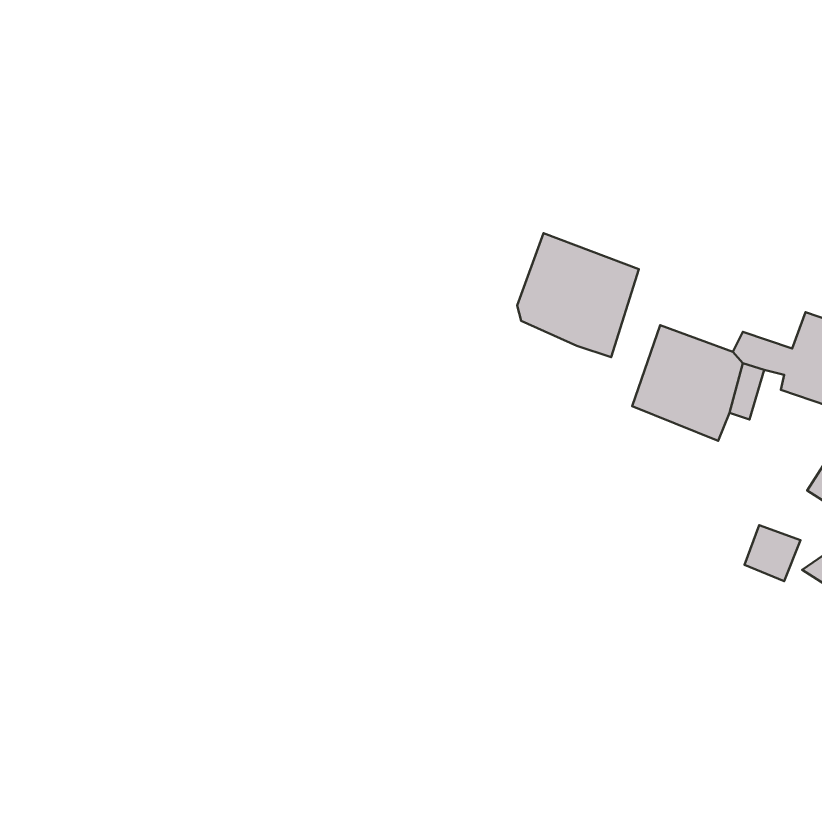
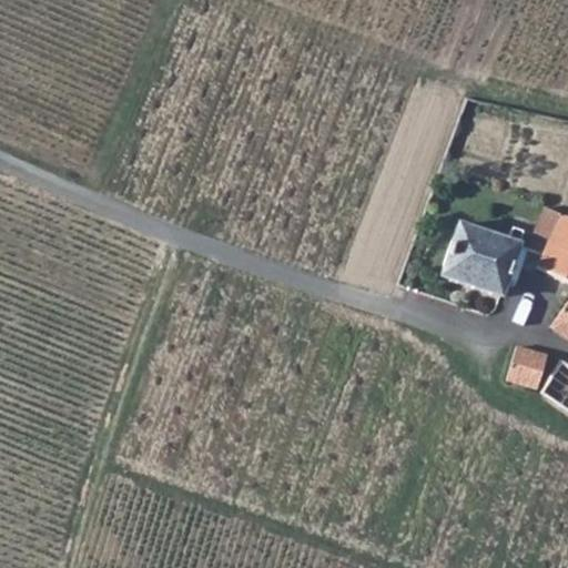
building: [517,233,639,357] -> none

